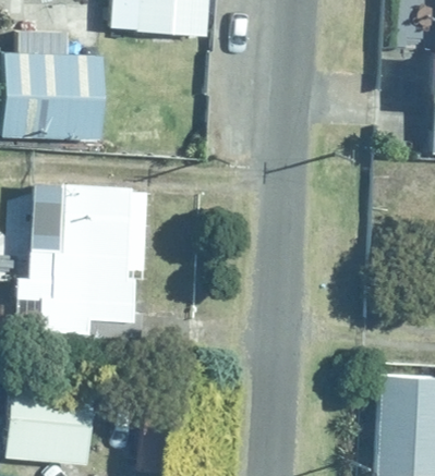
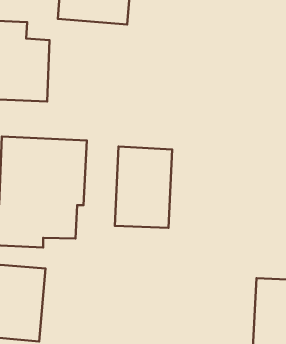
building: none -> [115,146,172,228]

